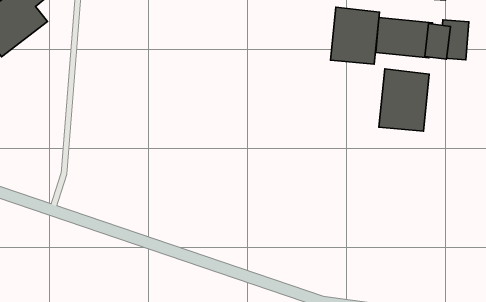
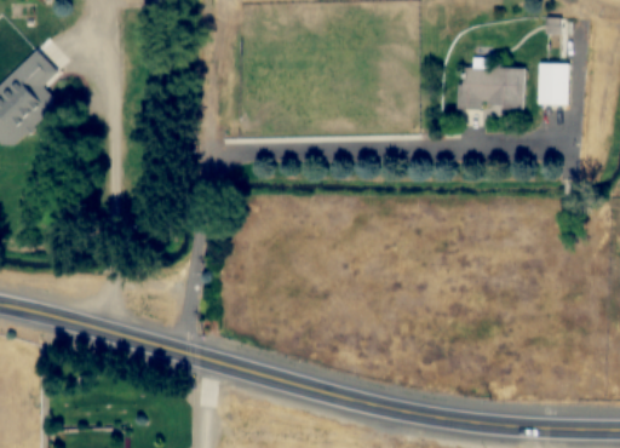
building: [331,7,379,64] -> none
building: [379,69,429,131] -> none

